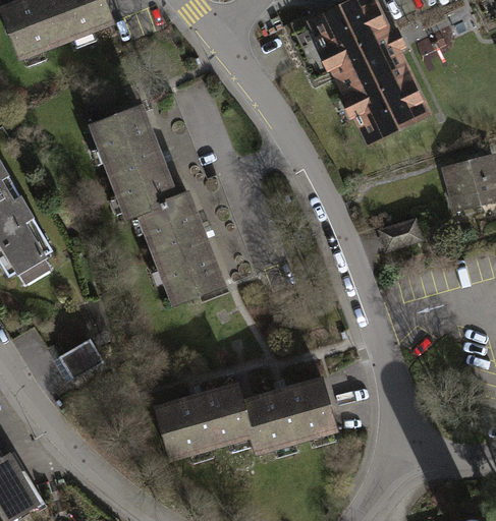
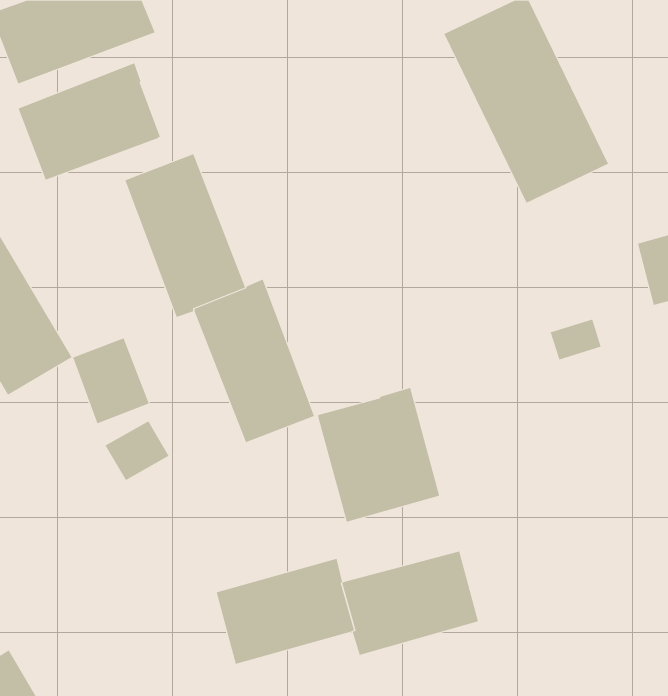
building: none -> [18,63,160,181]
building: none -> [73,338,149,424]
building: none -> [318,387,440,522]
building: [59,343,104,385] -> [105,420,170,481]

